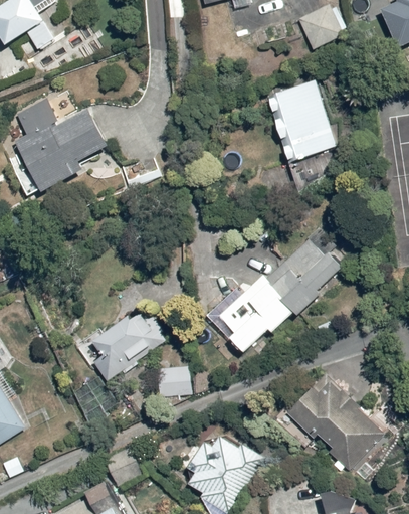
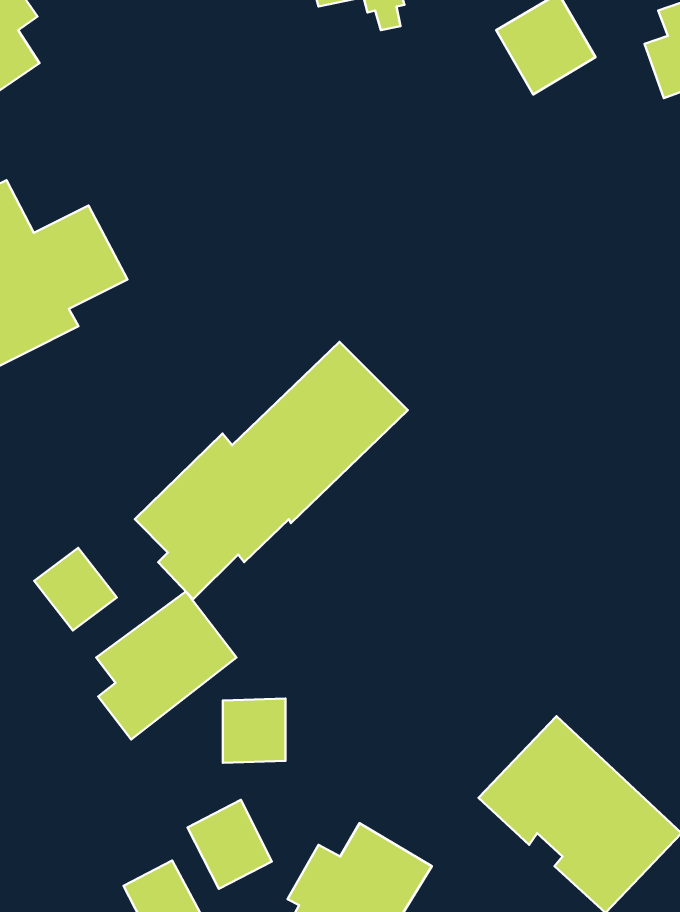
building: [263,74,340,166] -> none
building: [215,224,356,357] -> [135,342,408,599]
building: none -> [34,548,117,631]
building: none -> [188,800,272,889]

